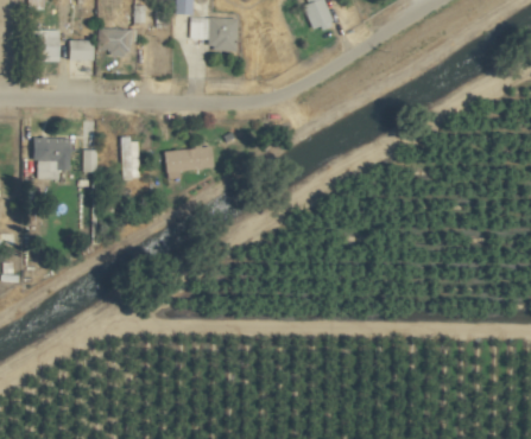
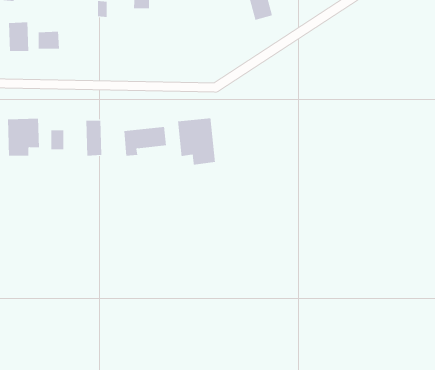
building: [190,17,236,51] -> none
building: [99,28,135,56] -> none
building: none -> [178,117,216,165]

